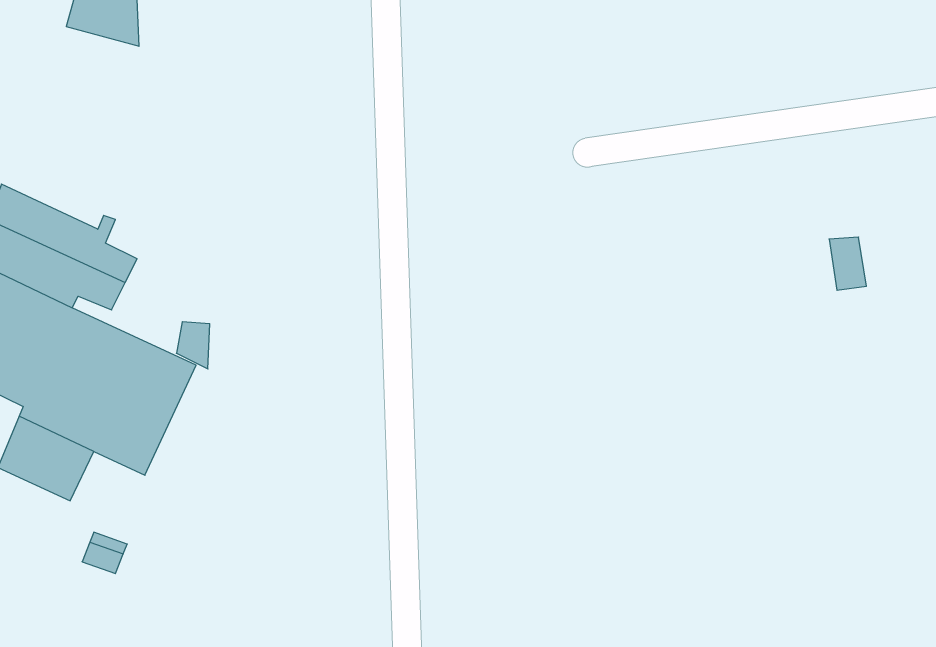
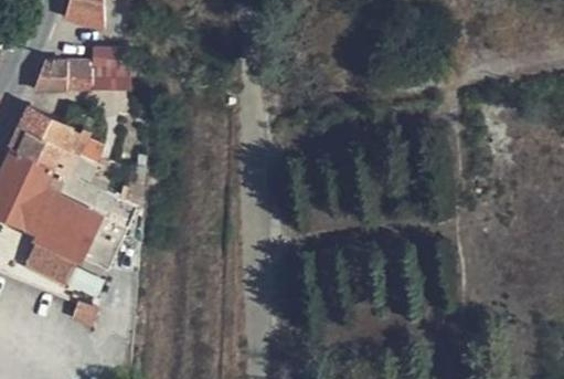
building: none -> [30,49,127,93]

